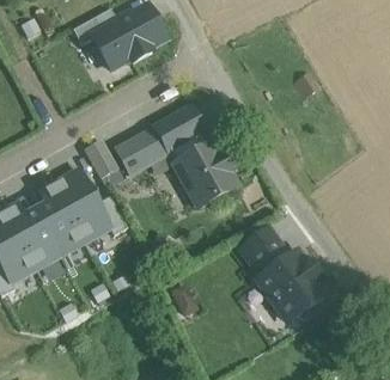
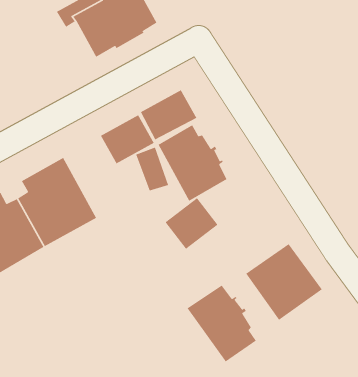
building: [90,136,122,179] -> [135,147,169,192]
building: [237,225,288,275] -> [164,197,218,250]
building: none -> [187,285,257,362]

